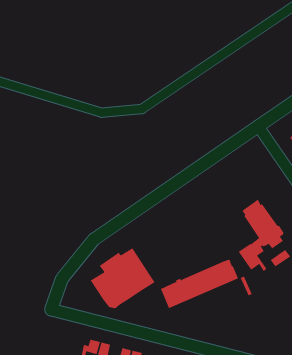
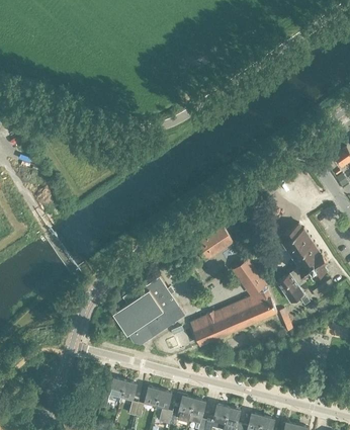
building: none -> [195,227,233,260]
building: none -> [234,259,266,292]

